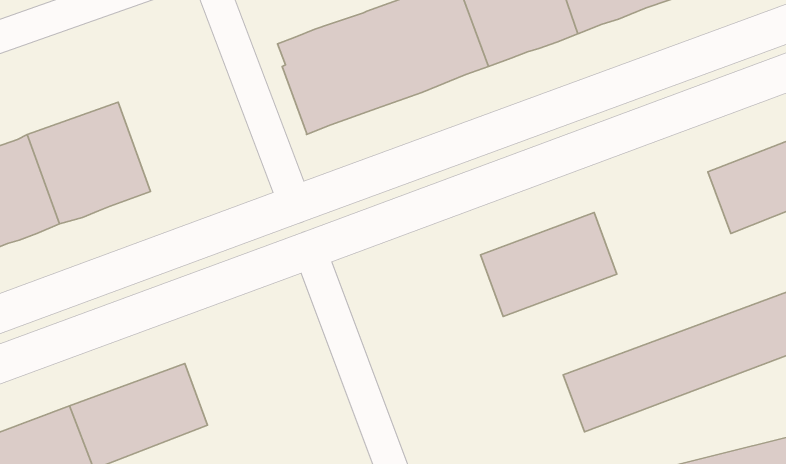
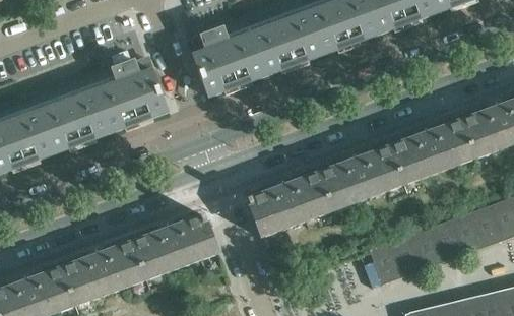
building: none -> [90,57,168,133]
building: none -> [388,121,473,185]
building: none -> [247,173,331,238]
building: none -> [132,214,217,279]

